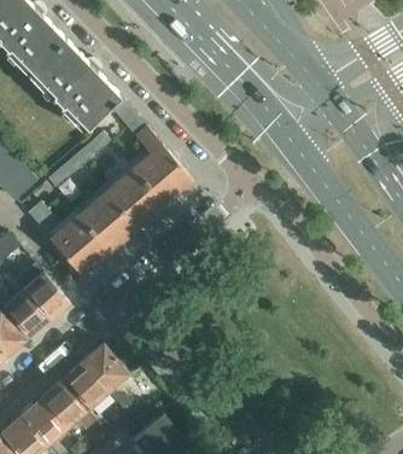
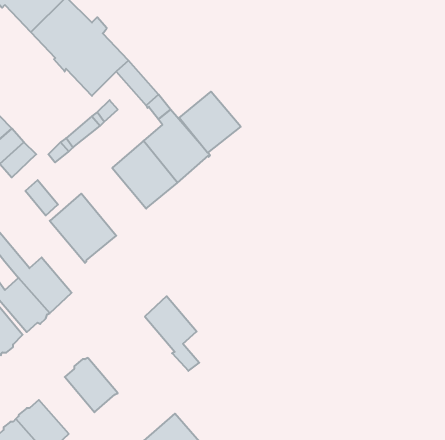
building: none -> [179,92,241,153]
building: [77,192,135,252] -> none
building: [83,343,132,409] -> [145,296,199,371]
building: [40,380,87,429] -> none

